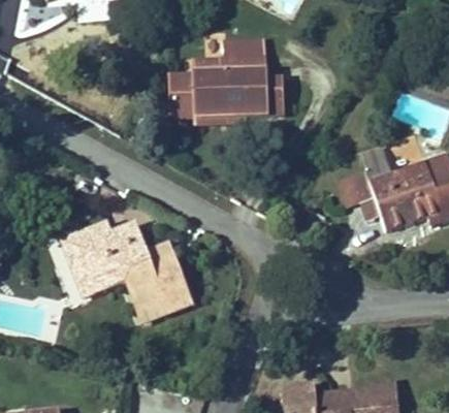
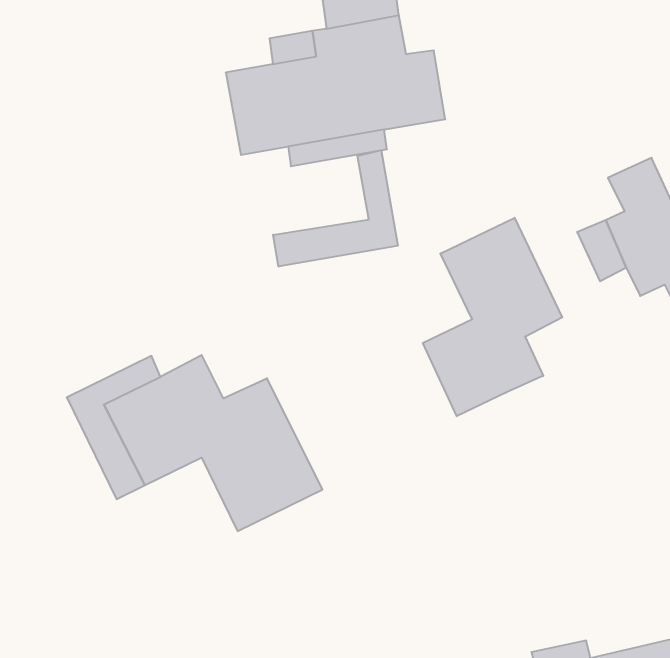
building: none -> [273,150,398,267]
building: none -> [423,218,562,416]

